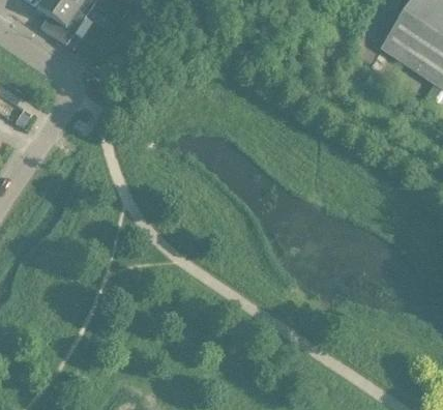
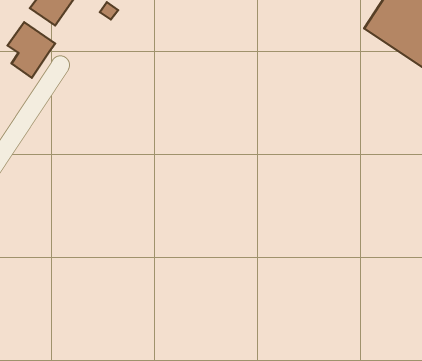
building: none -> [8,22,55,78]

